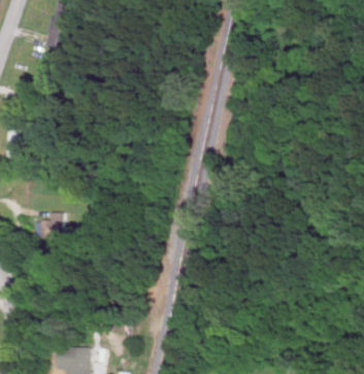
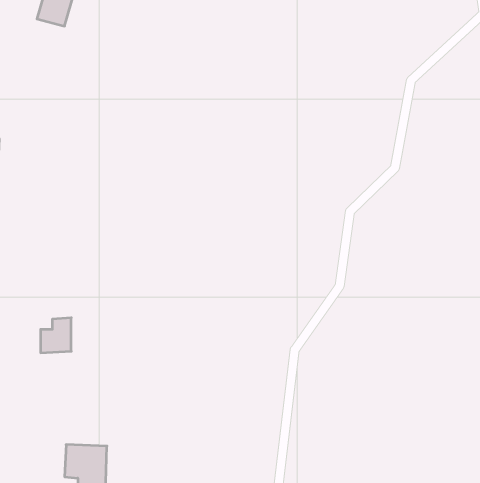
building: [39,212,61,237] -> [41,318,71,353]

